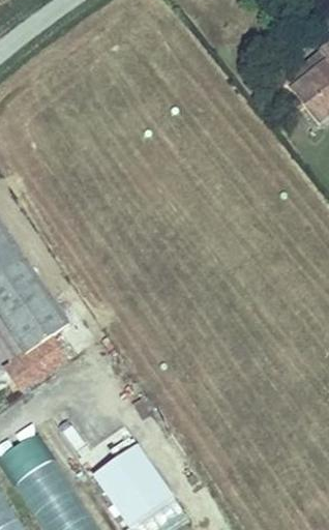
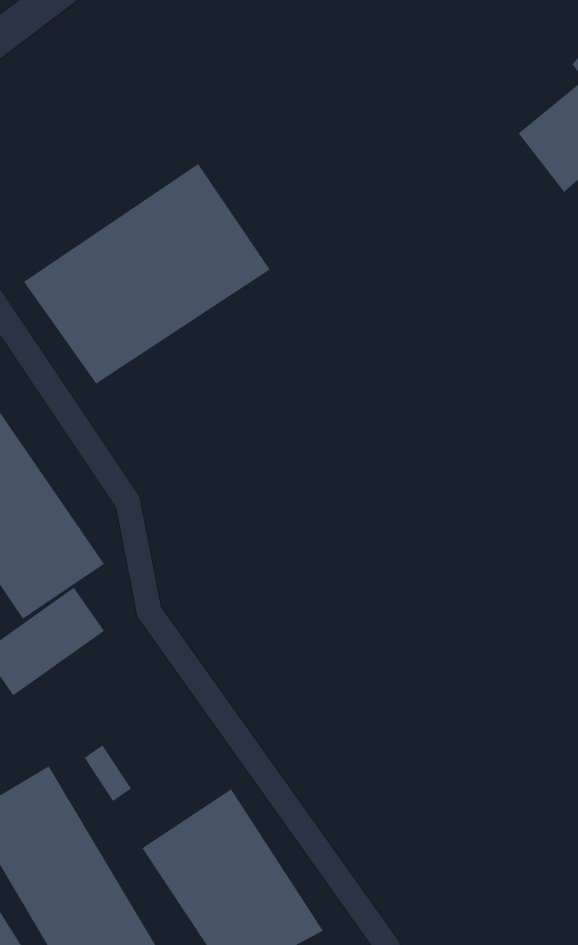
building: none -> [23,163,270,384]

